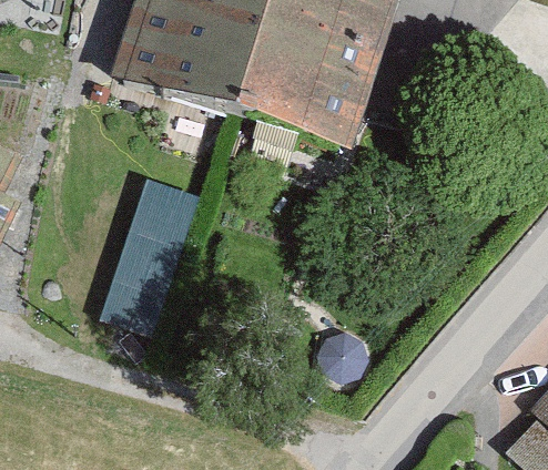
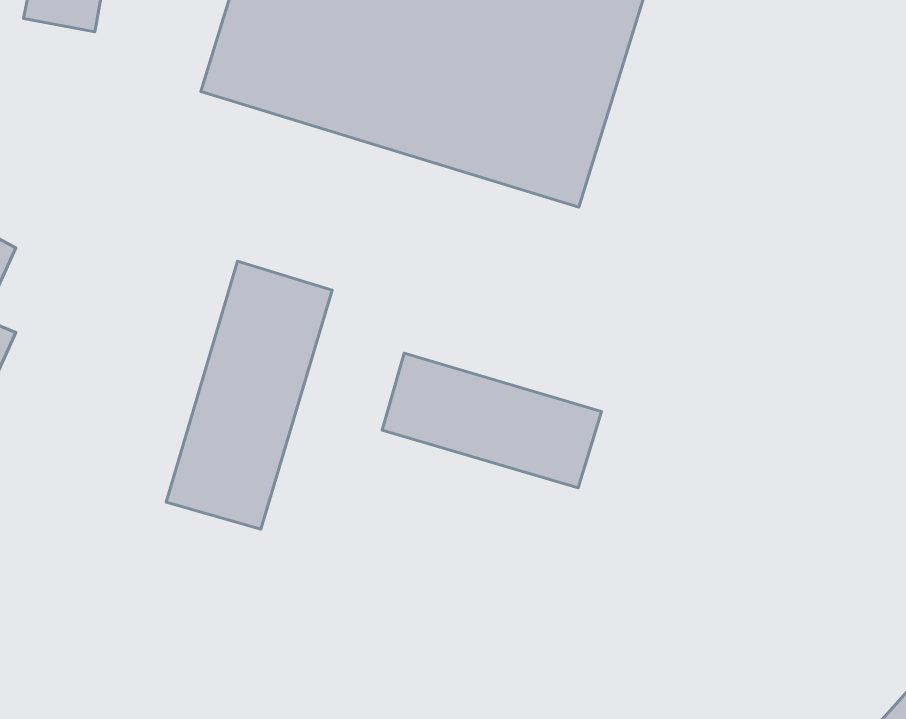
building: none -> [382,353,602,488]

